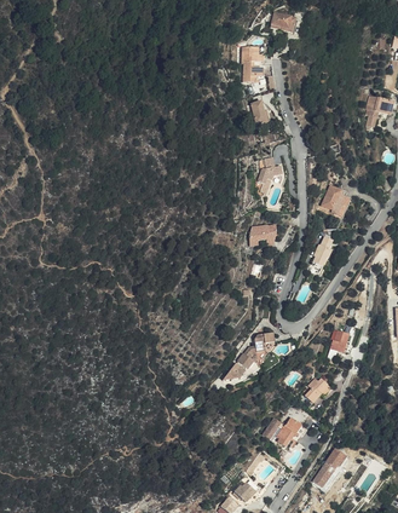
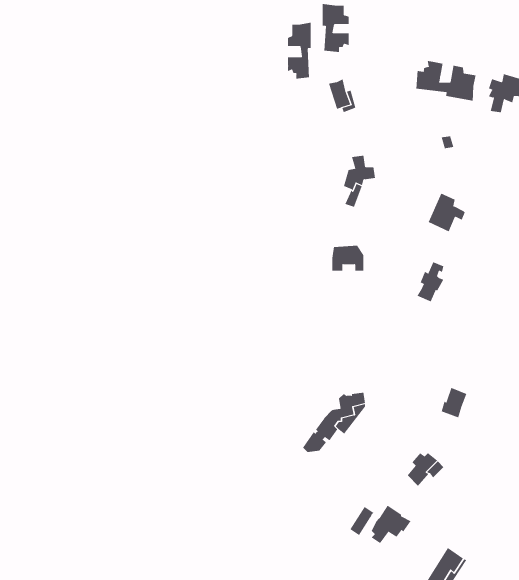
building: none -> [288,22,311,80]
building: none -> [416,60,476,101]

